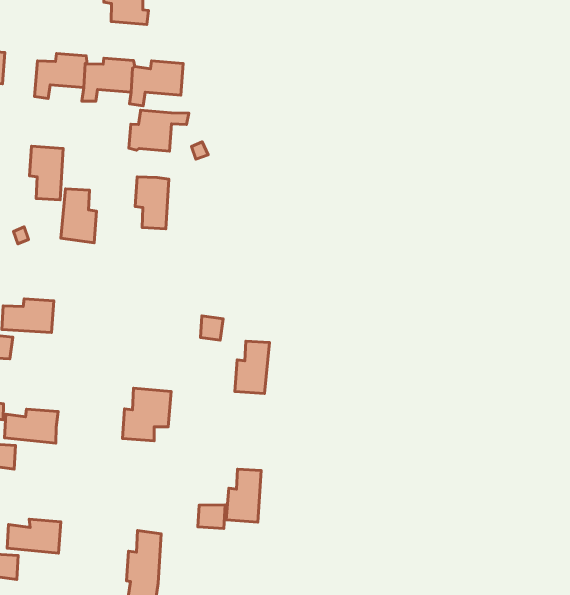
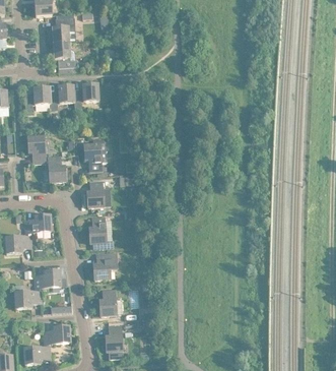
building: [129,110,189,151] -> none
building: none -> [86,179,104,206]
building: [235,341,270,394] -> [89,215,106,243]
building: [226,469,261,522] -> [99,288,117,315]

